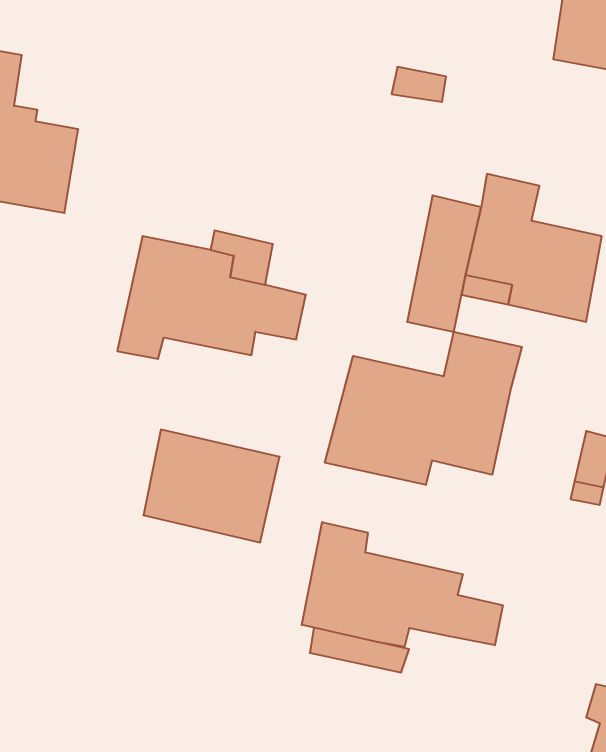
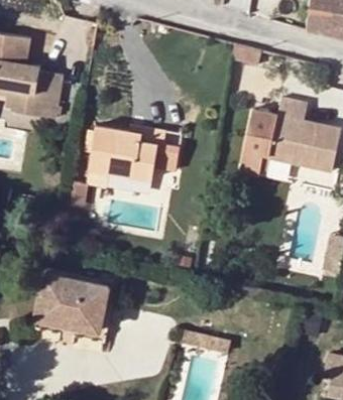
building: [325,332,522,485] -> none
building: [143,430,280,542] -> [36,273,107,331]
building: [302,522,503,647] -> none

